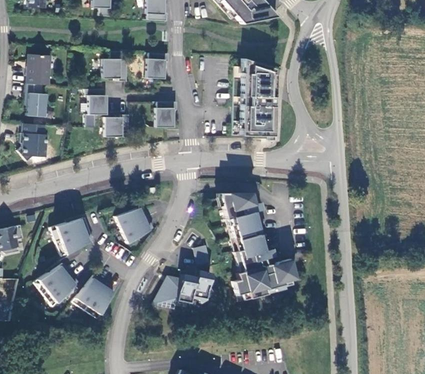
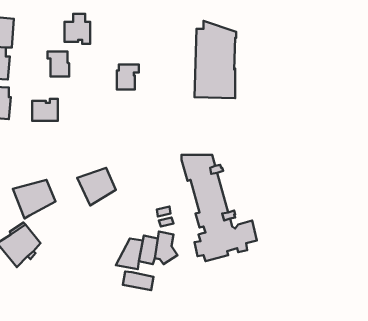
building: [146,53,169,79] -> none
building: [104,115,130,137] -> [32,99,58,121]
building: [73,275,115,319] -> none
building: none -> [123,272,153,290]

